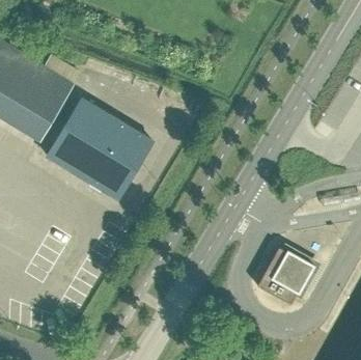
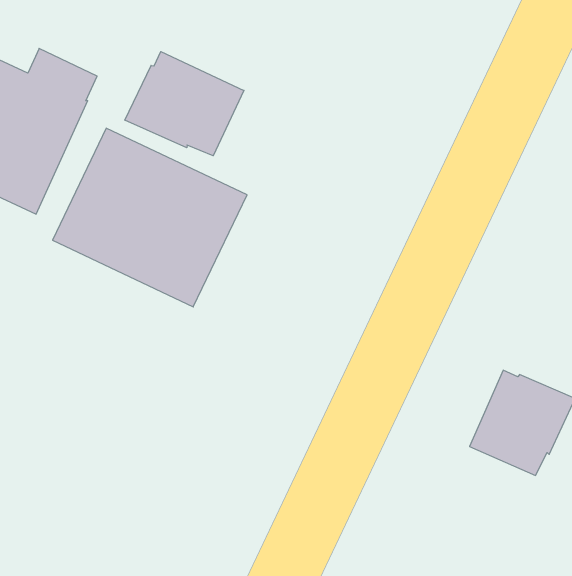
building: none -> [125,52,244,156]

